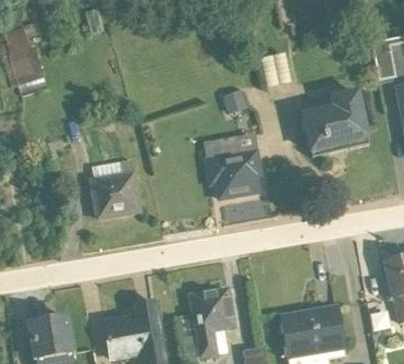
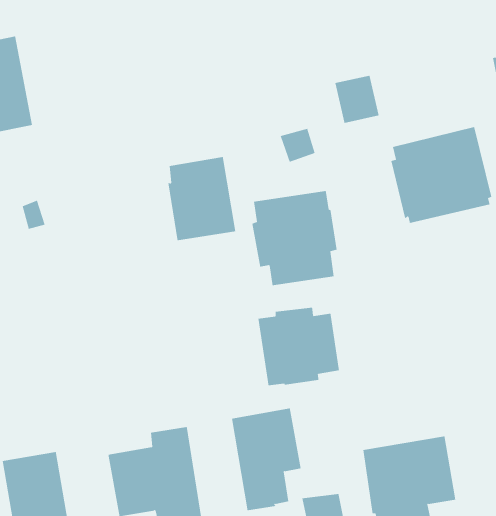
building: [91,159,139,218] -> [167,156,236,241]
building: none -> [258,307,340,386]

